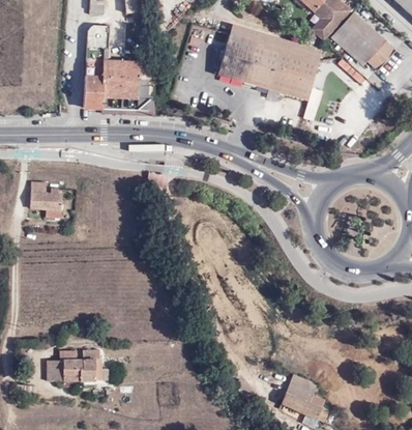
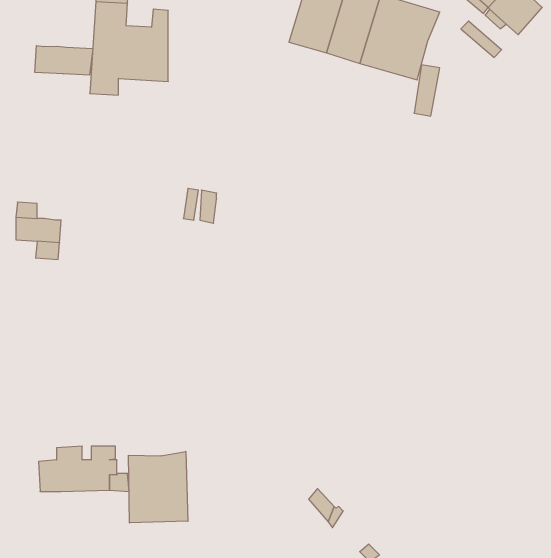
building: none -> [35,46,93,75]
building: none -> [128,451,188,523]
building: [281,373,328,417] -> none

